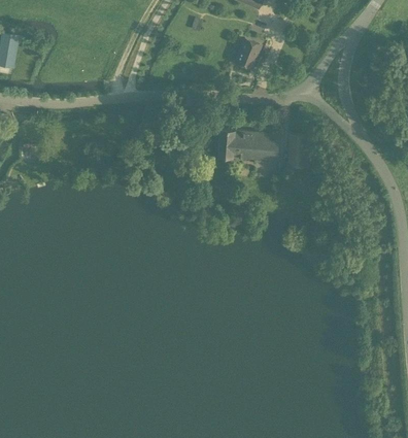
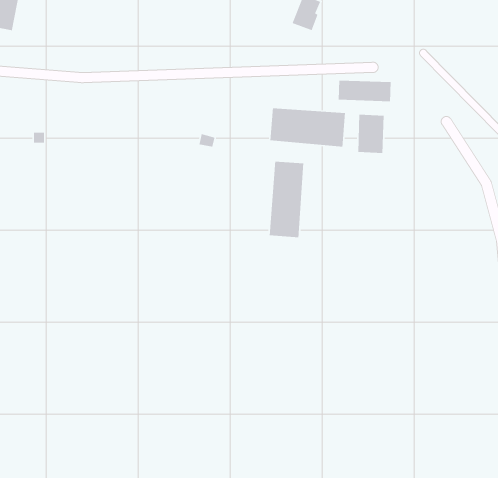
building: none -> [338,80,392,102]
building: none -> [269,161,304,238]

